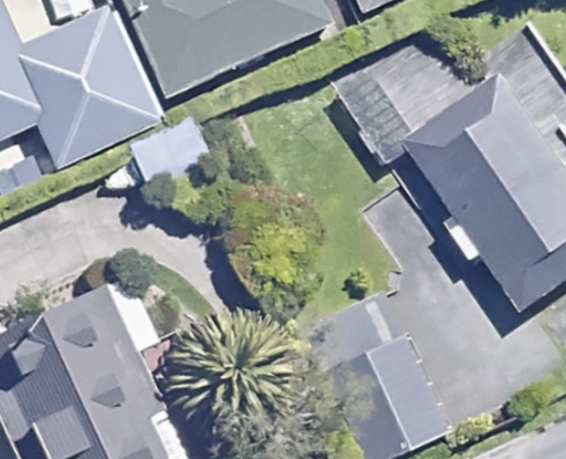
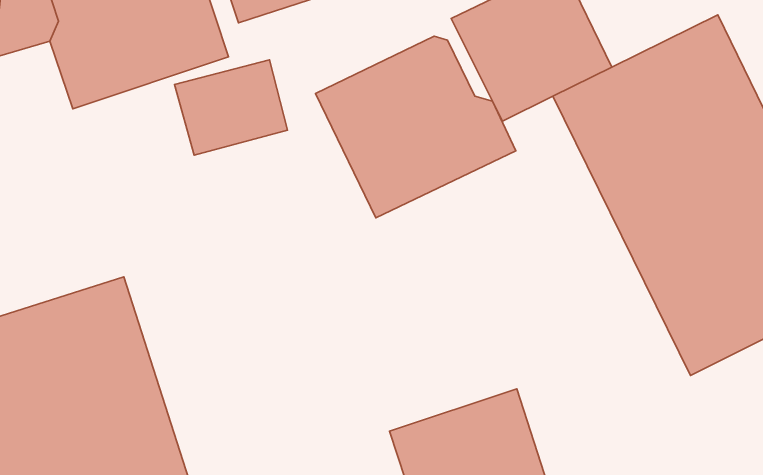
building: none -> [316,36,516,218]

